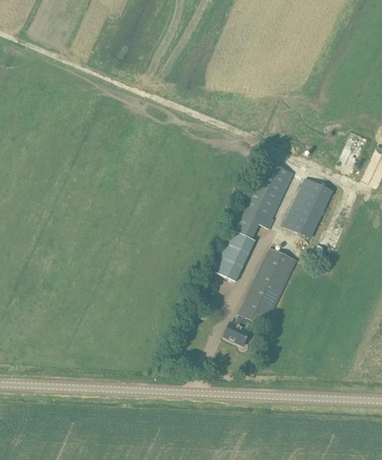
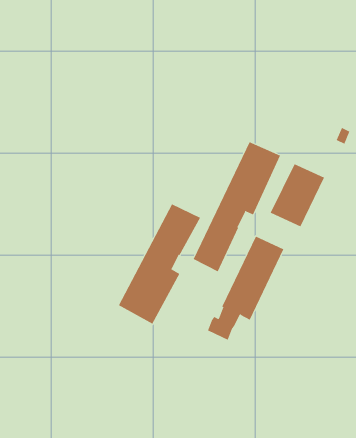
building: none -> [118,203,201,325]

